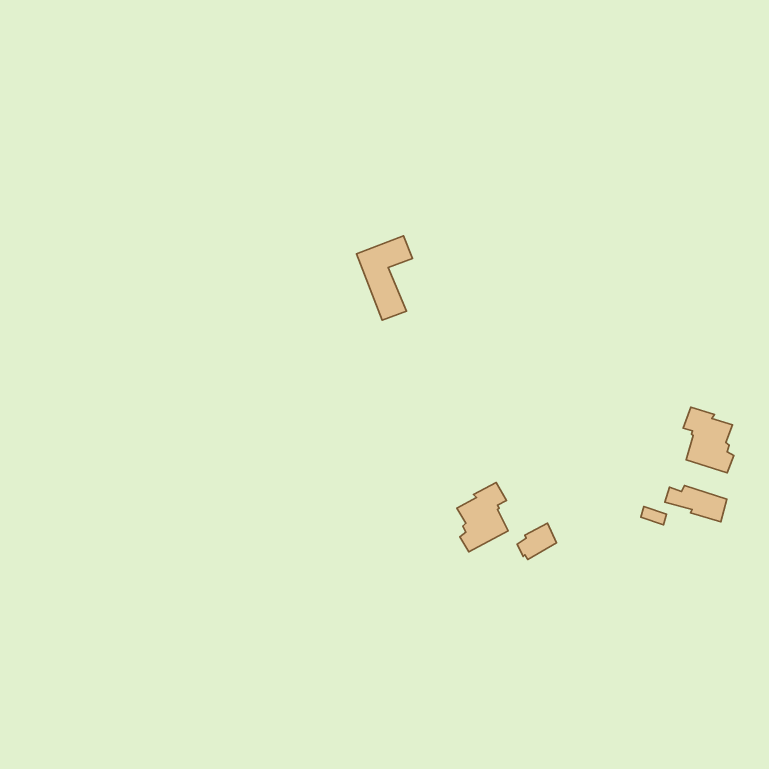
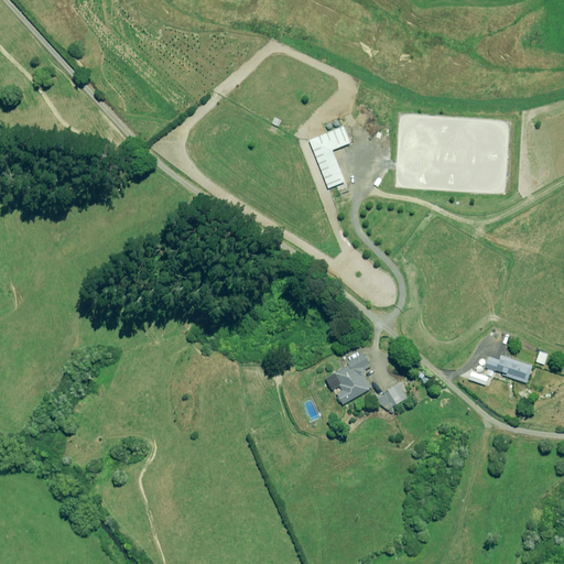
building: [357,236,412,320] -> [308,126,349,187]
building: [683,407,734,473] -> none

